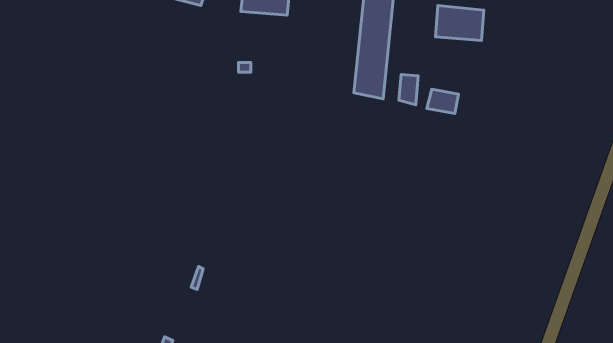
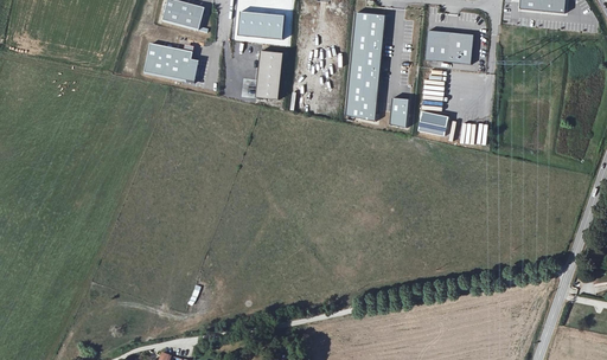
building: none -> [142,43,197,82]
building: none -> [257,50,283,96]

